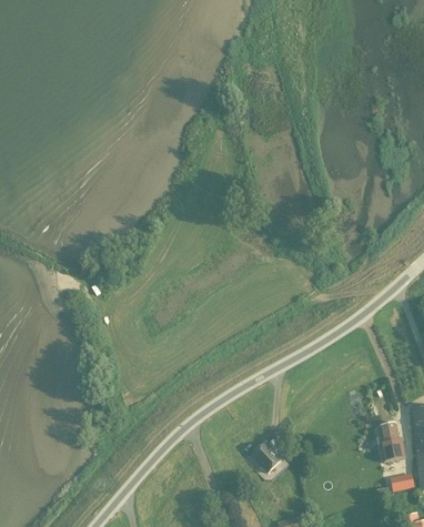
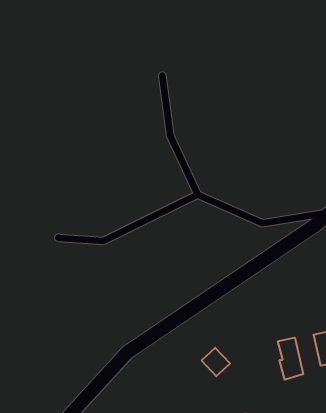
building: none -> [278,338,303,380]

